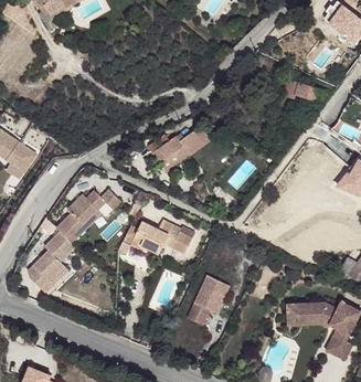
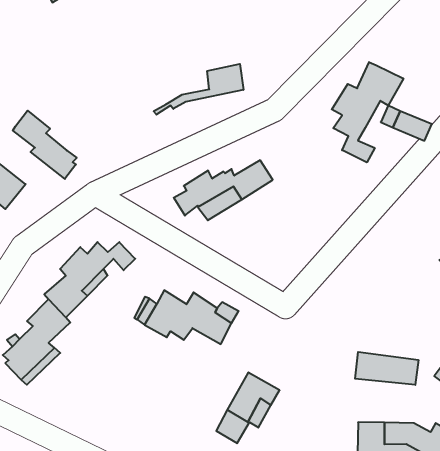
building: none -> [332,62,403,162]
building: none -> [154,64,243,115]
building: none -> [13,111,77,179]
building: none -> [355,352,418,385]

